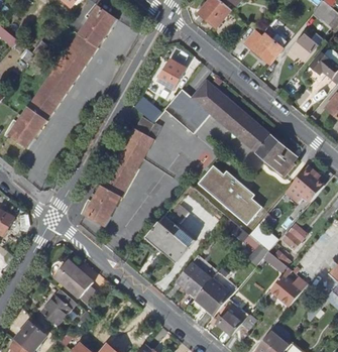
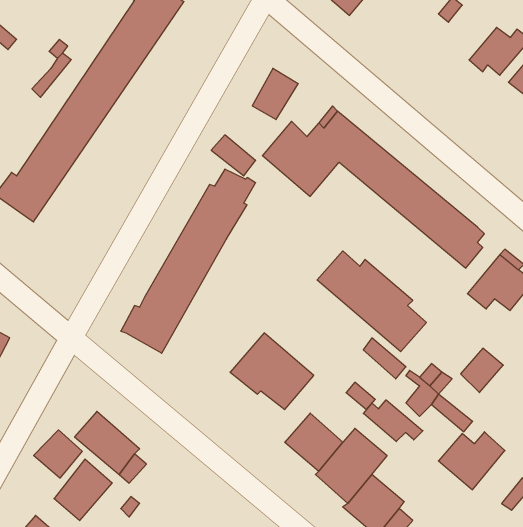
building: [244,27,288,64] -> none
building: none -> [363,400,423,442]
building: none -> [34,430,82,478]

